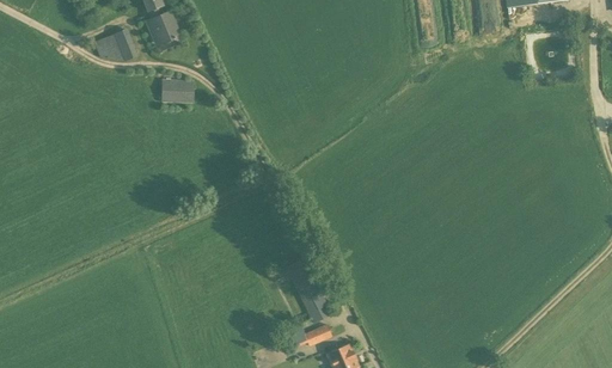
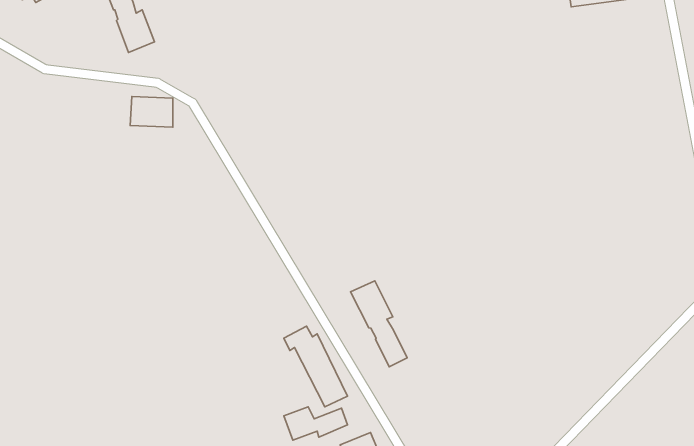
building: [93,25,137,61] -> none
building: none -> [351,281,407,367]

